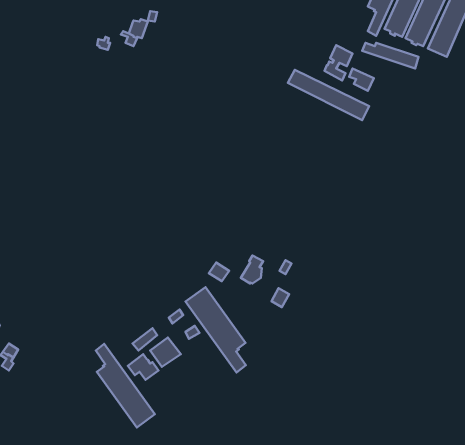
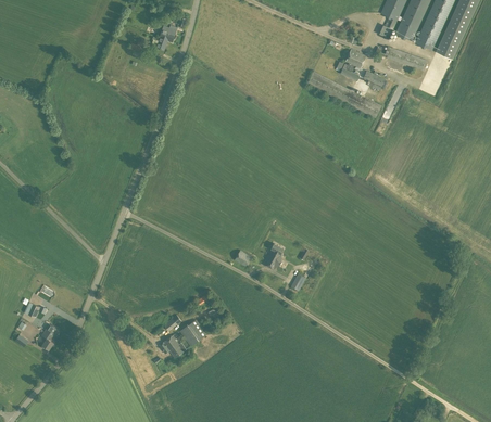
building: [186,287,246,373] -> none
building: [96,344,155,427] -> none

